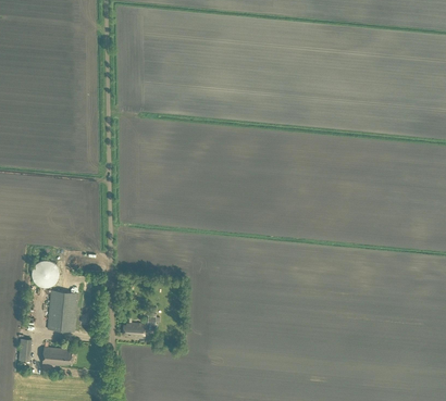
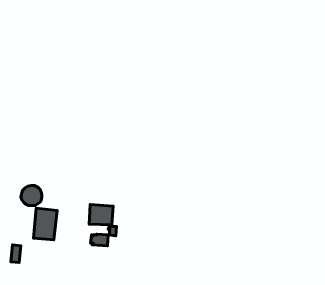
building: none -> [89,205,113,225]
building: [41,347,73,366] -> none

